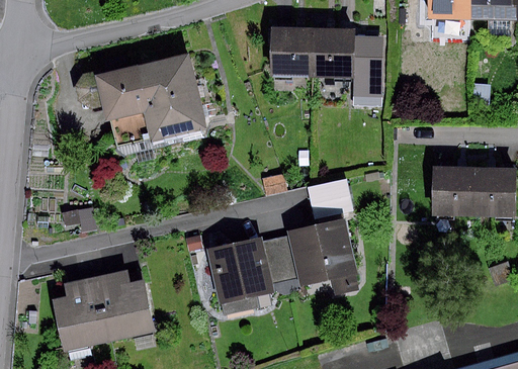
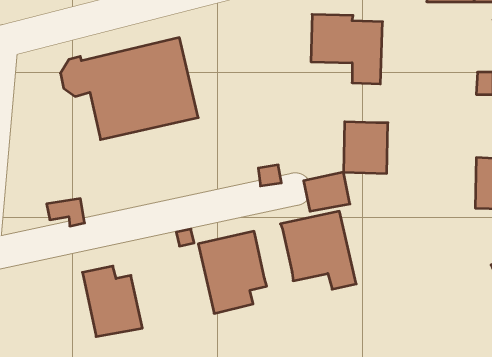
building: [269,28,317,75] -> none
building: [432,166,474,215] -> [344,122,388,173]
building: [262,236,297,283] -> none
building: [54,277,109,349] -> none

